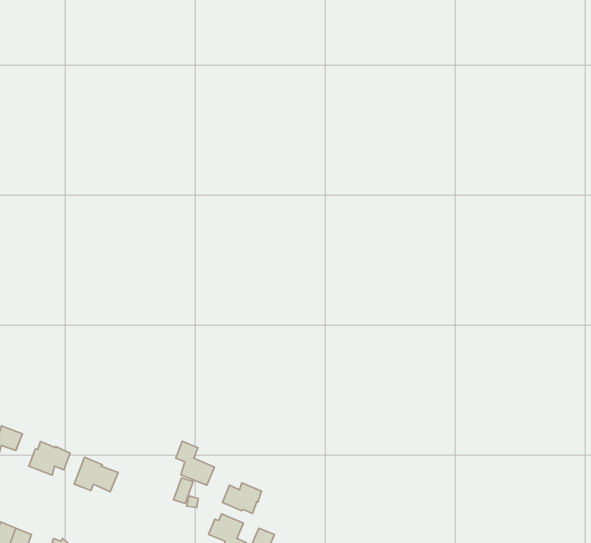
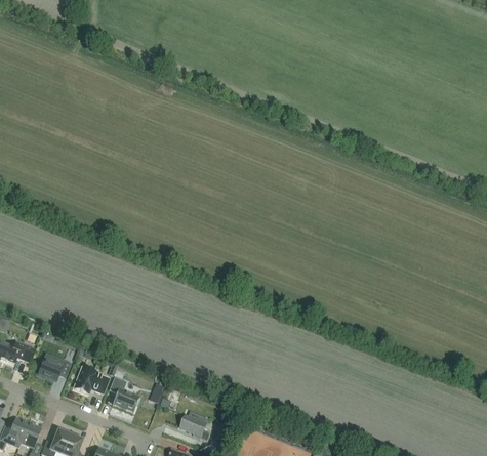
building: [176,441,214,485] -> [109,376,139,411]
building: [222,483,261,513] -> none

